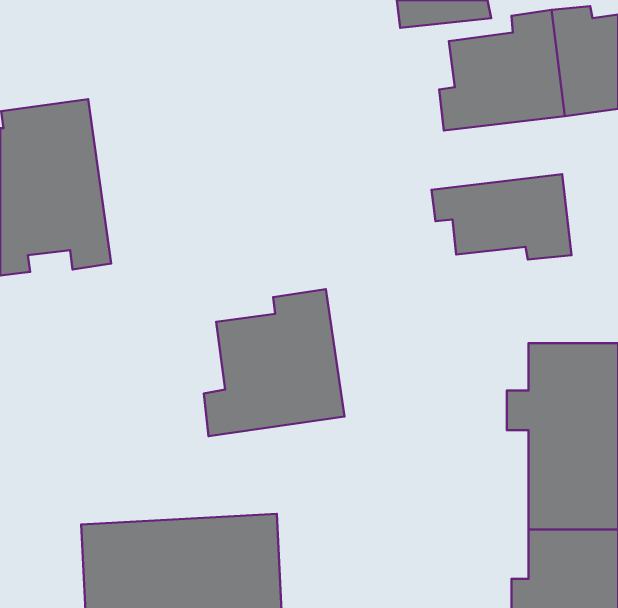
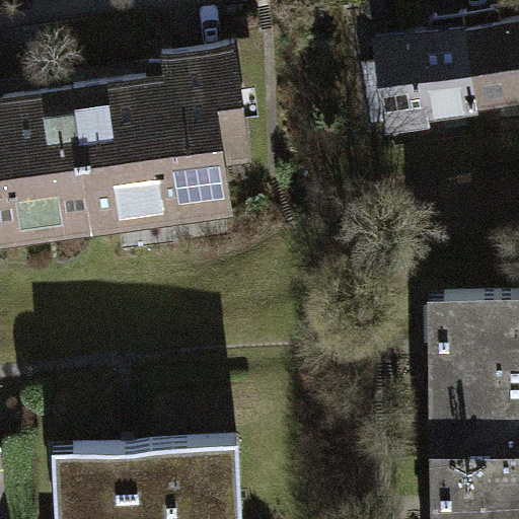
building: none -> [74,48,247,229]
building: [432,174,571,260] -> none
building: [204,289,345,436] -> none

